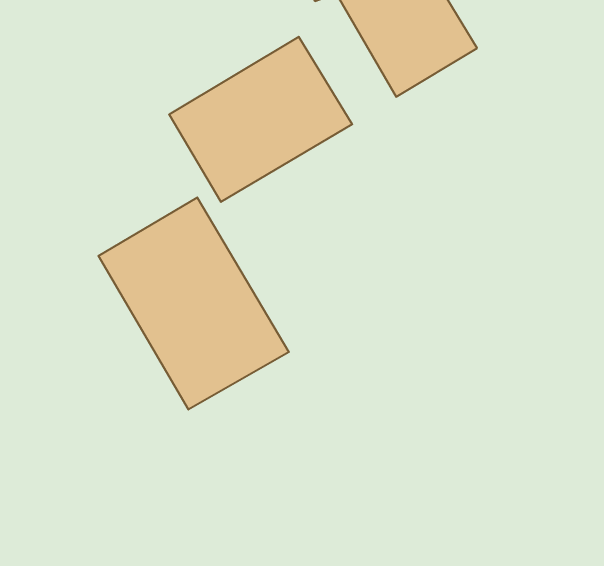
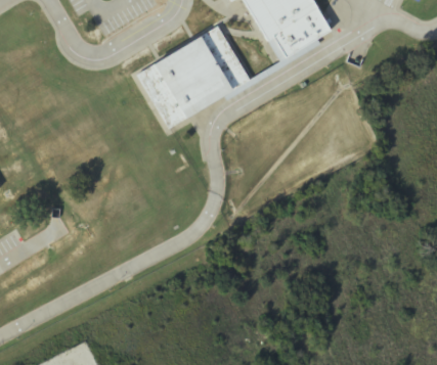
building: [98,197,289,410] -> none

